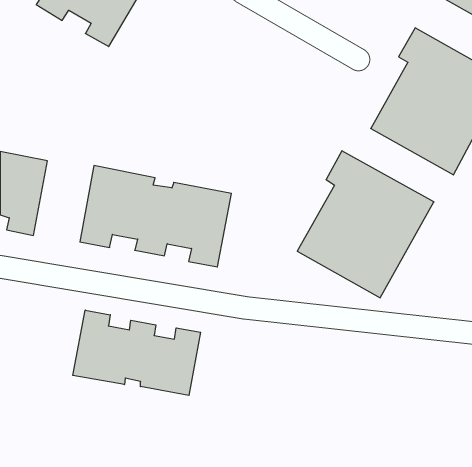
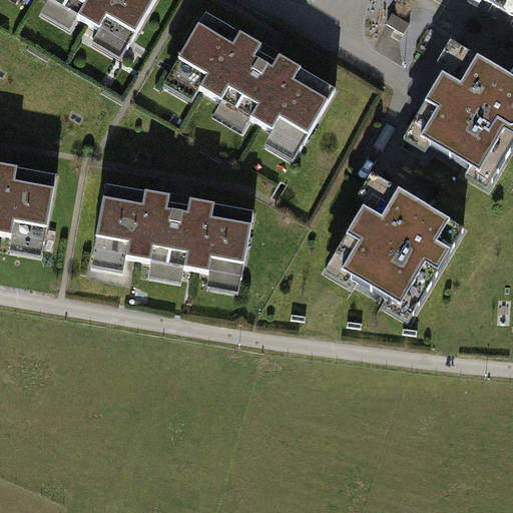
building: none -> [161,9,334,156]
building: [73,310,201,395] -> none

